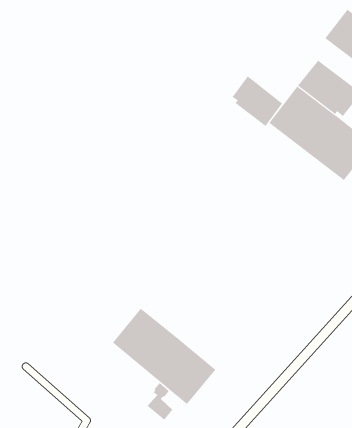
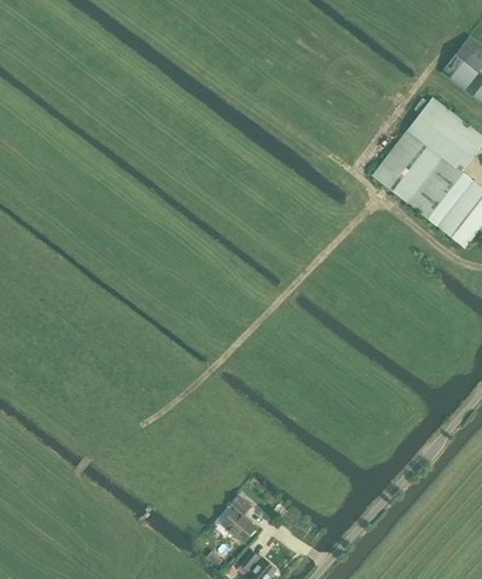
building: [232,76,283,127] -> none
building: [112,308,216,405] -> none

